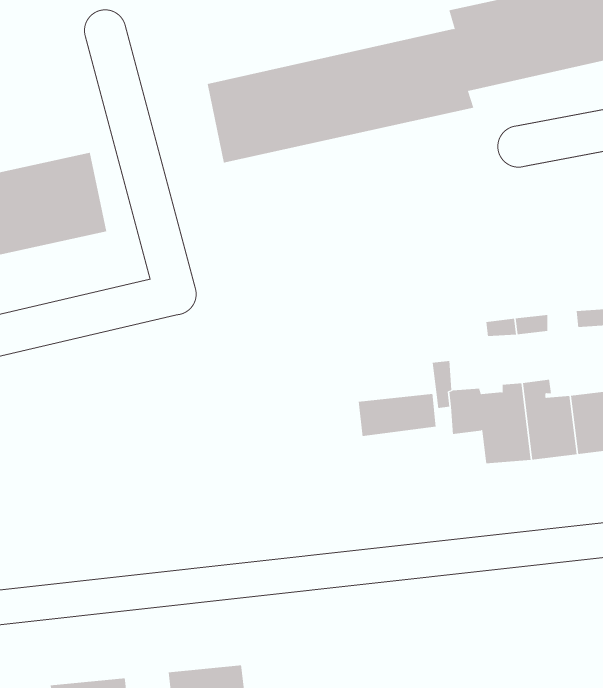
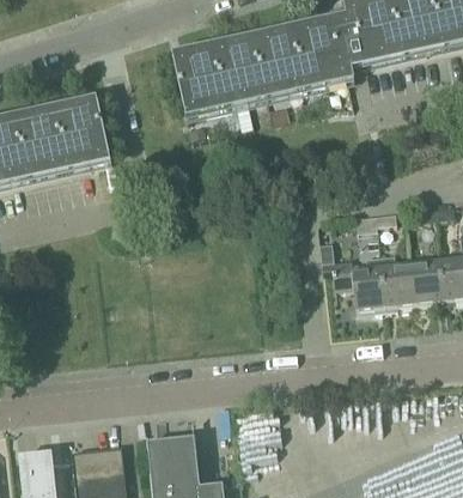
building: [358,393,436,437] -> none

